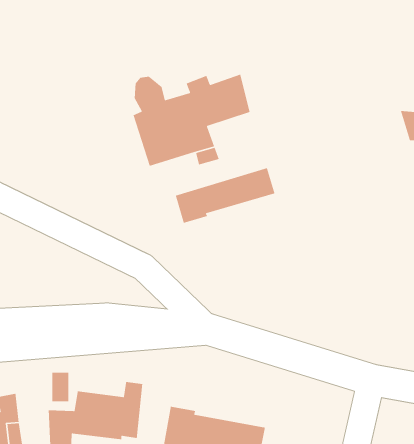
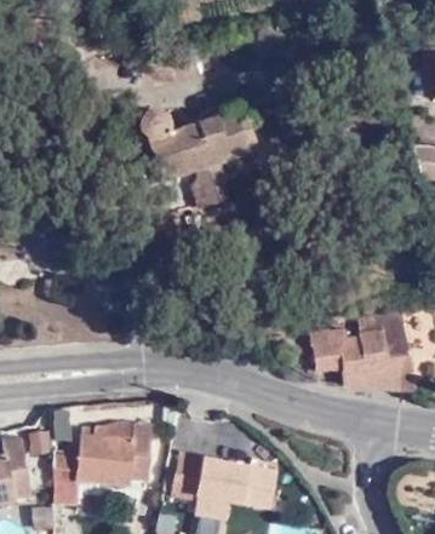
building: [175,167,275,224] -> none
building: none -> [311,308,416,385]

